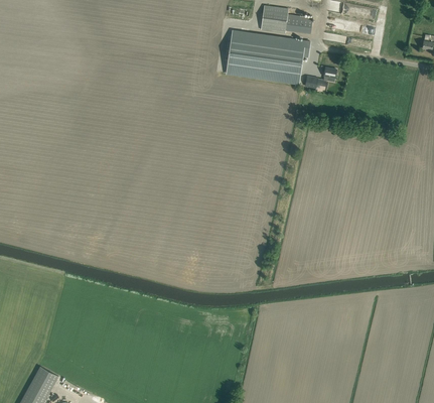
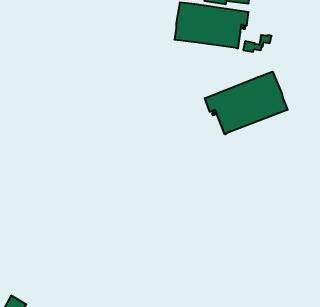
building: none -> [205,72,288,134]

